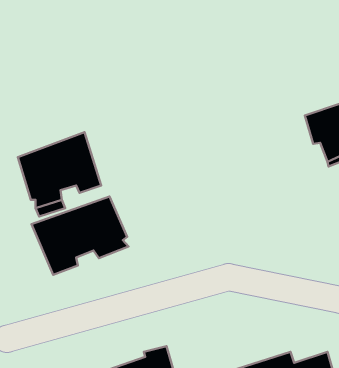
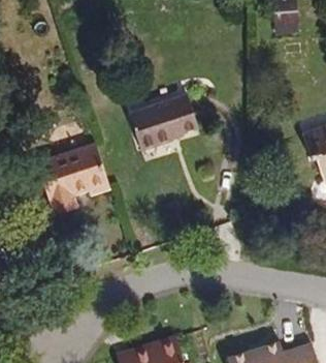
building: none -> [132,100,203,155]
building: [31,197,129,275] -> none

